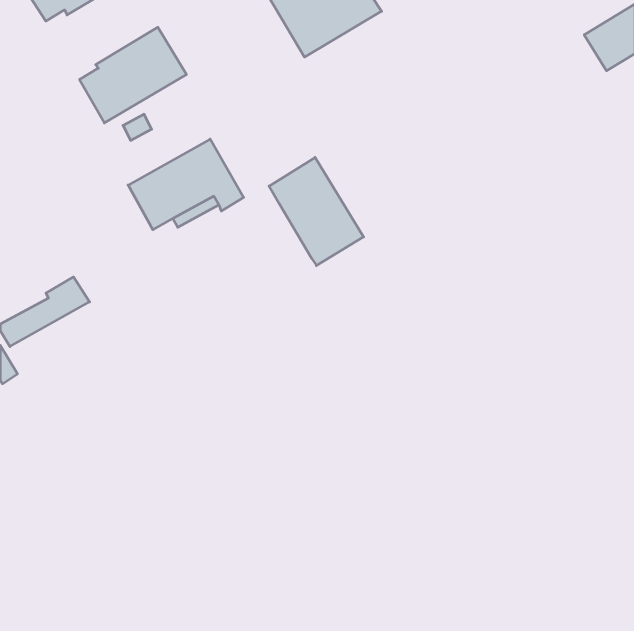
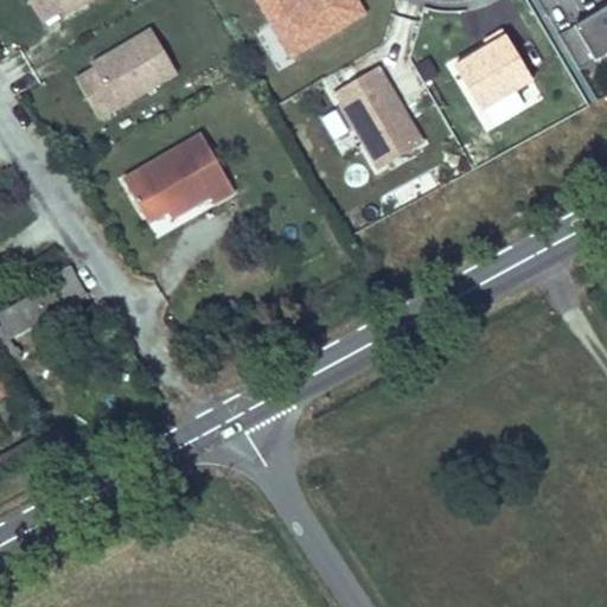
building: none -> [455,28,532,108]
building: [269,157,364,266] -> [334,64,424,167]

